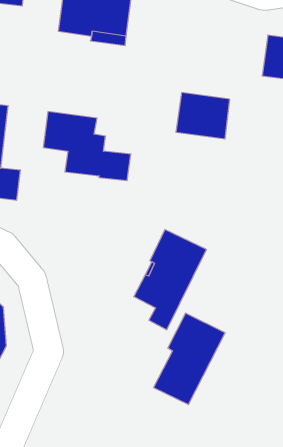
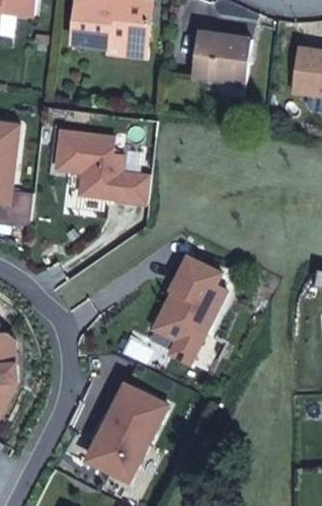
building: [176,93,230,139] -> [190,32,248,82]
building: [154,313,225,405] -> [90,383,167,482]

